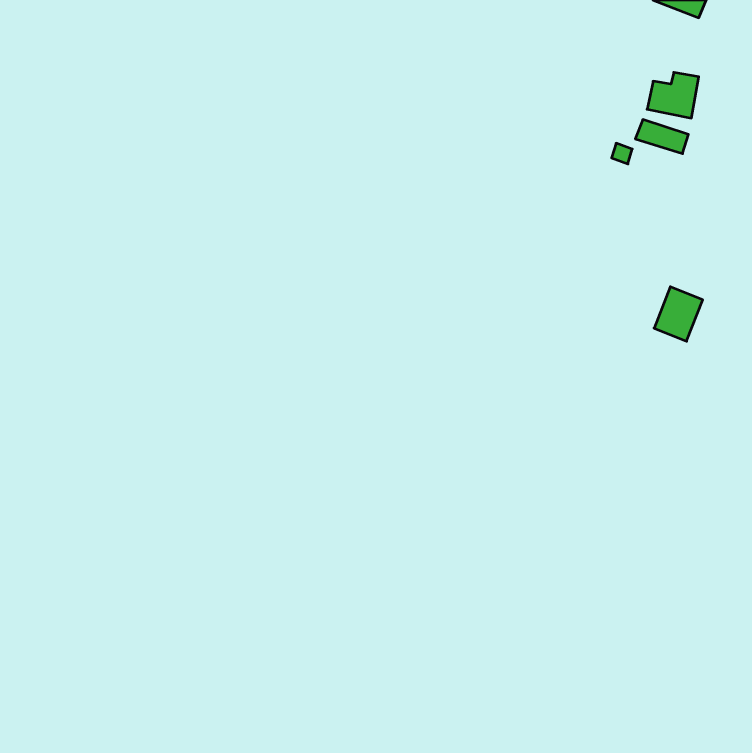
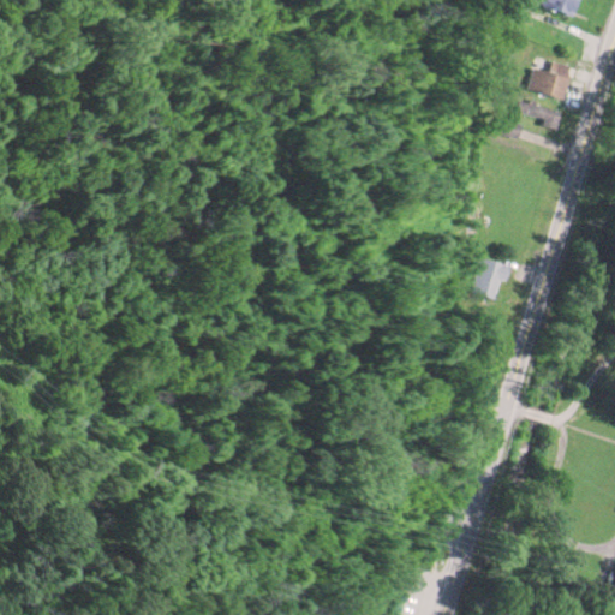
building: [654,287,703,341] -> [468,256,508,300]

